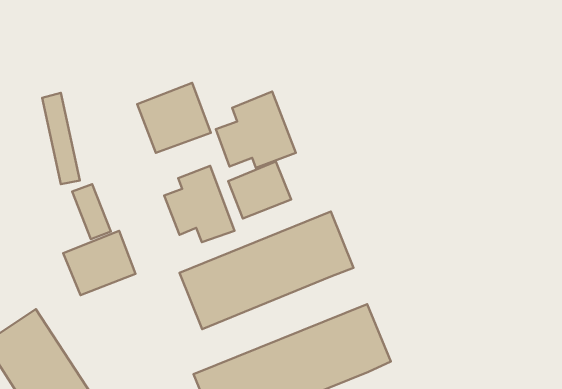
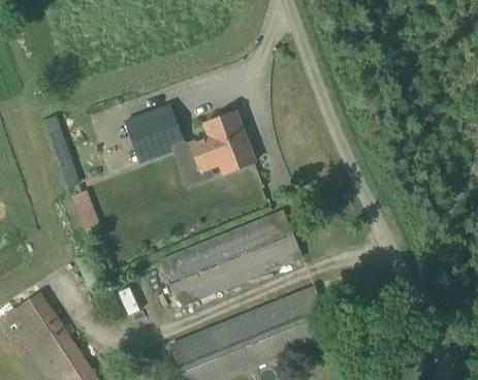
building: [228,161,291,219] -> none
building: [164,166,234,242] -> none
building: [63,231,136,295] -> none

